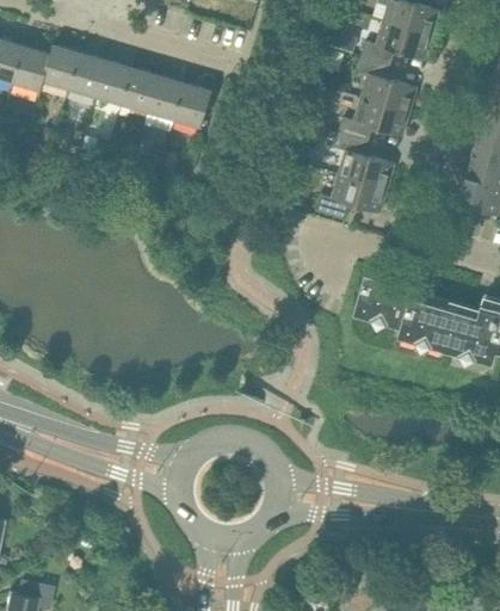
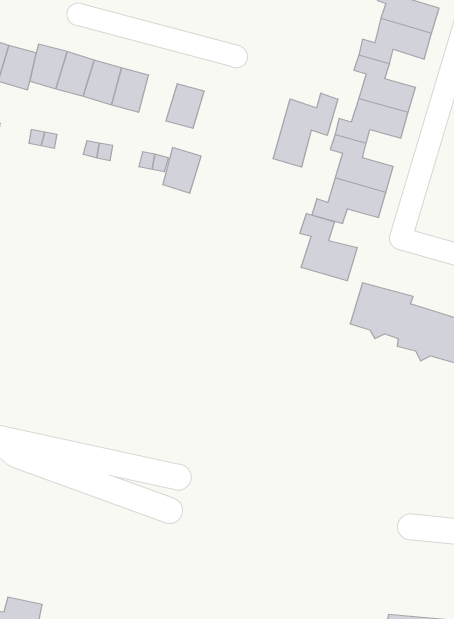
building: [149,76,186,121] -> [163,147,201,193]
building: none -> [273,93,338,167]
building: none -> [300,213,357,281]

